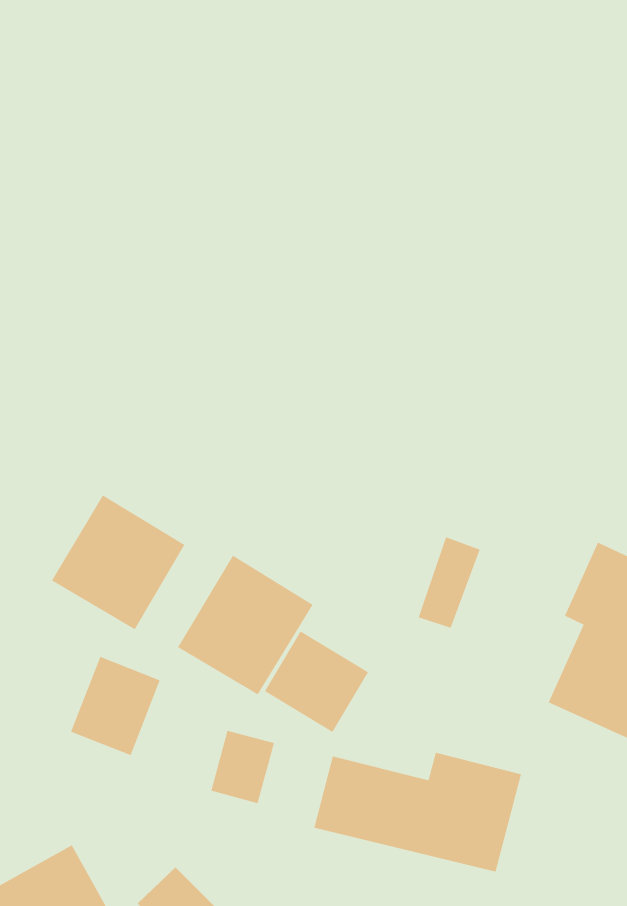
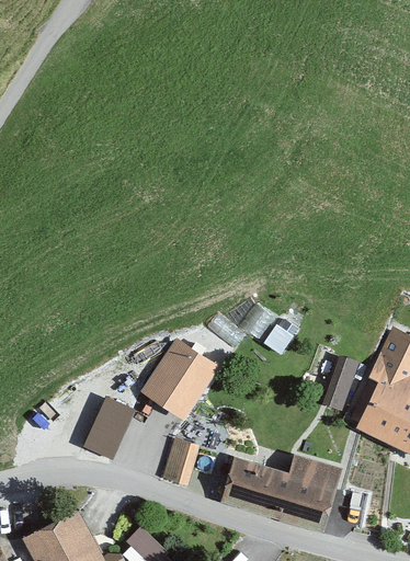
building: [51,495,185,630] -> none
building: [418,536,481,629] -> [320,351,357,405]
building: [264,631,369,733] -> none

